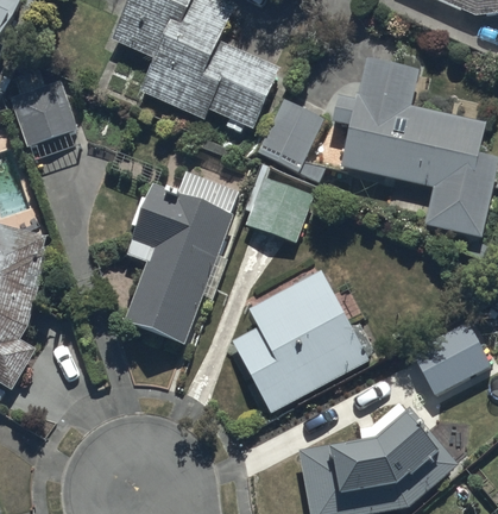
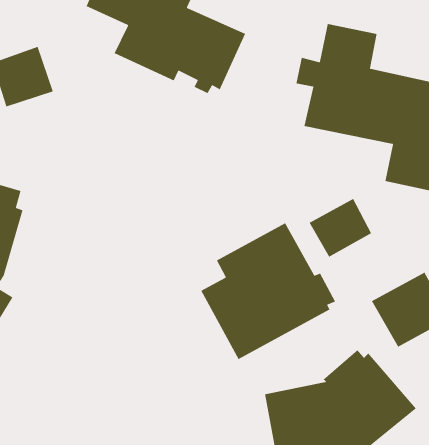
building: [257,98,327,182] -> none
building: [126,171,242,343] -> none
building: [246,177,313,242] -> none
building: none -> [309,198,372,258]

